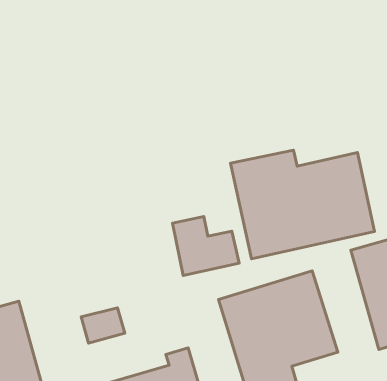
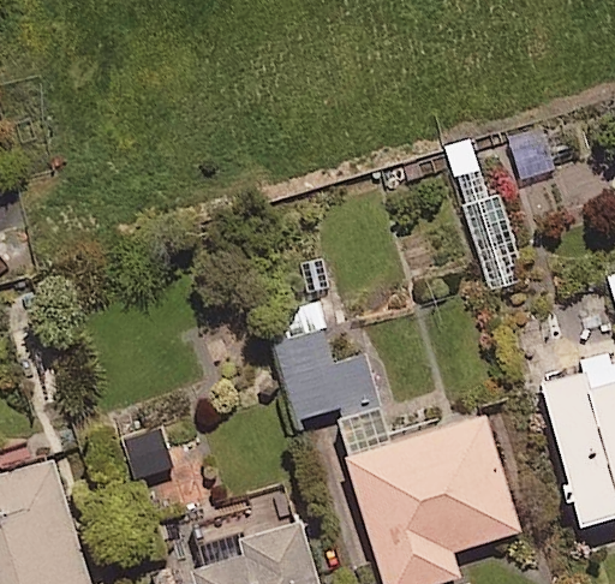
building: [230,150,375,259] -> none

